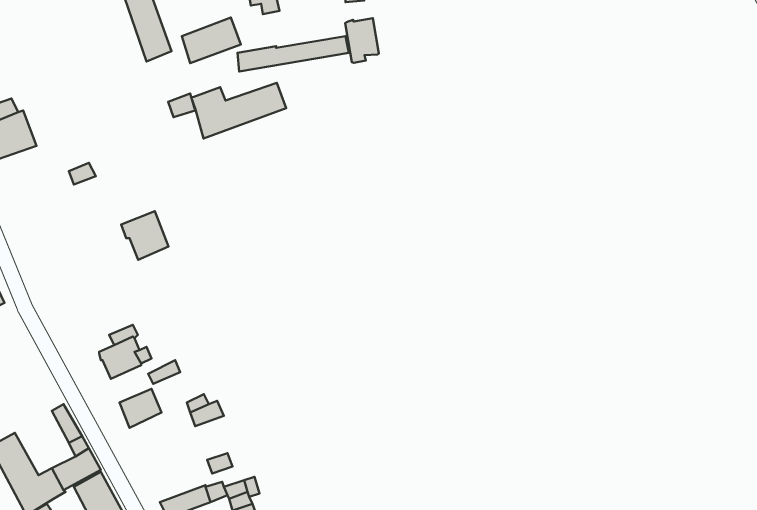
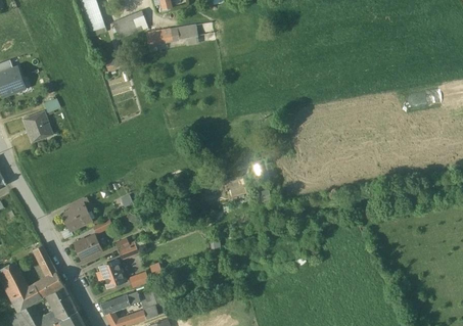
building: [345,18,379,63] -> none
building: [191,83,286,139] -> none
building: [121,211,168,260] -> [22,112,51,142]
building: none -> [97,261,125,287]

